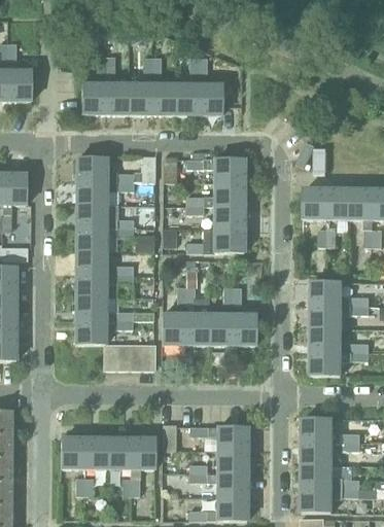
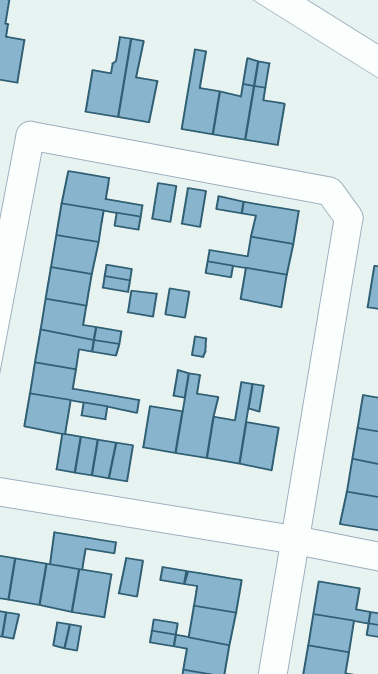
building: [129,57,152,114] -> none
building: [186,227,244,252] -> none
building: none -> [50,532,116,570]

